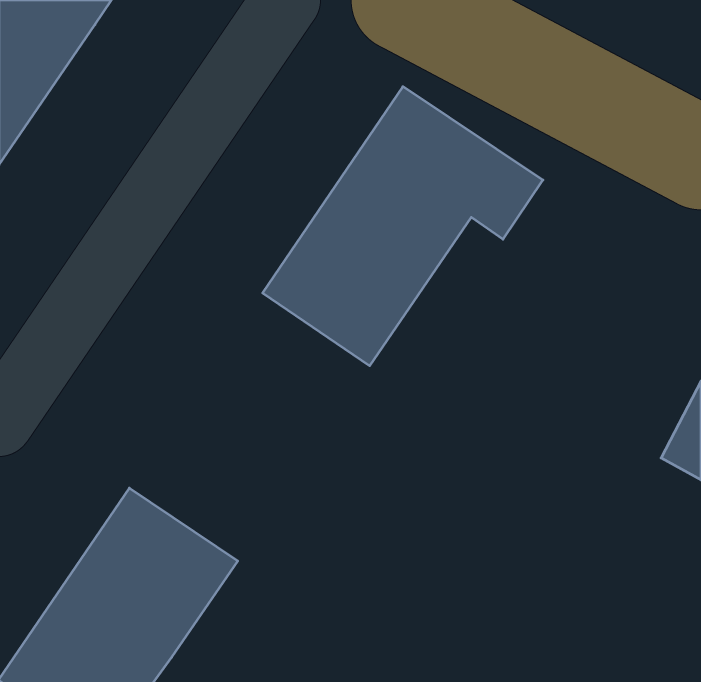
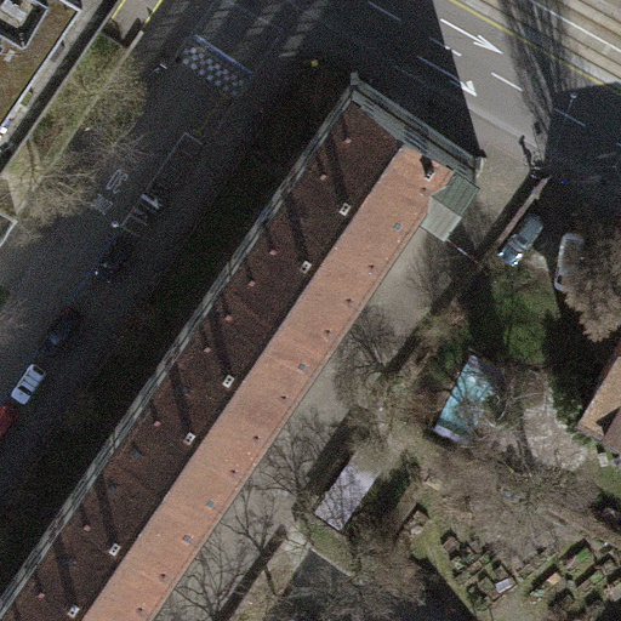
building: none -> [114,277,326,513]

